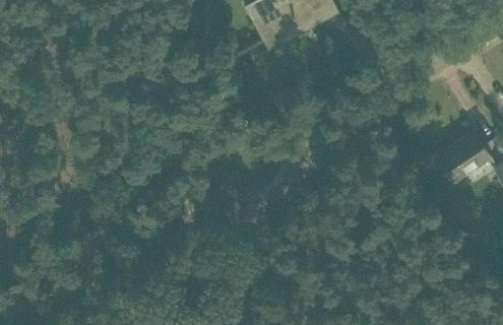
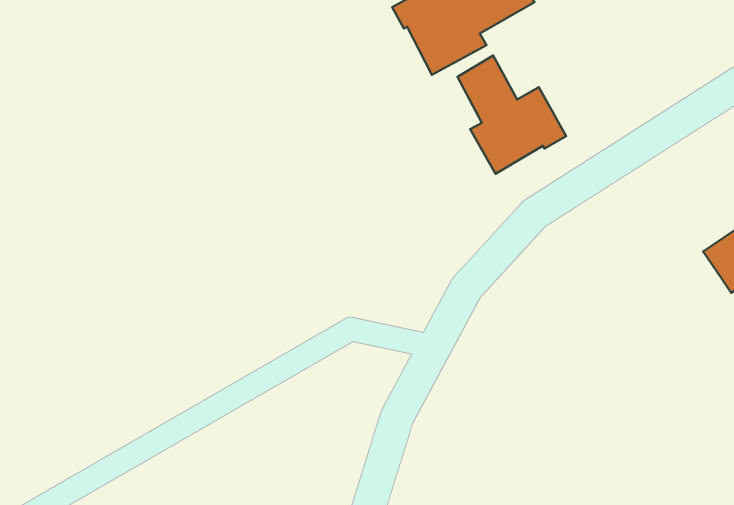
building: none -> [458,55,566,174]

